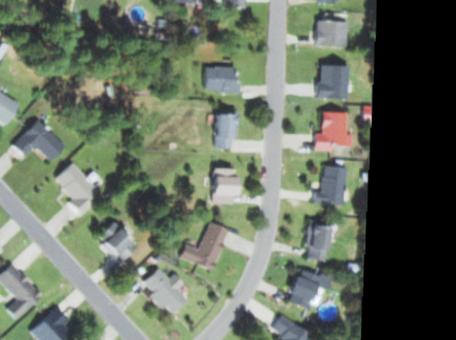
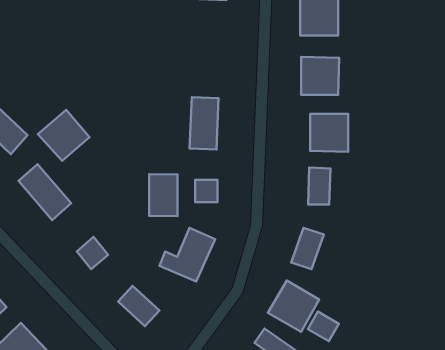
building: [215,69,237,90] -> none
building: none -> [38,110,90,161]
building: none -> [149,174,177,216]
building: none -> [308,312,339,341]

